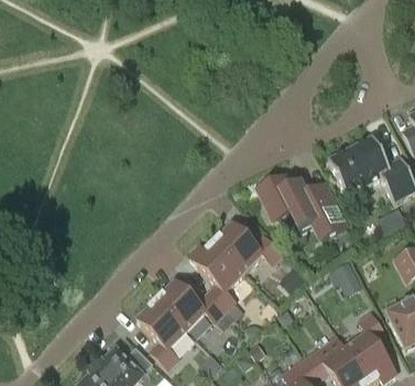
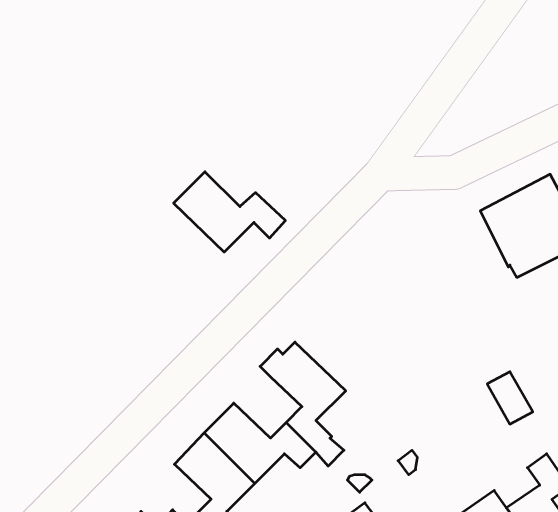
building: [263,174,345,232] -> none
building: [212,222,283,273] -> [174,172,285,252]

